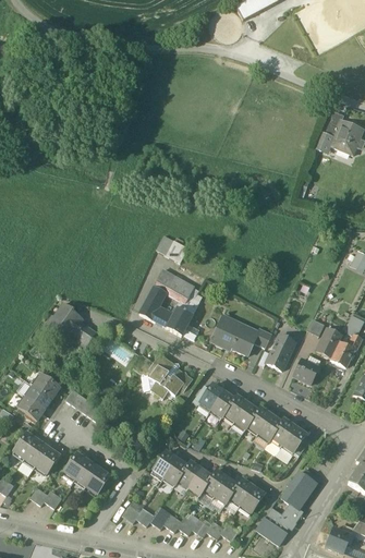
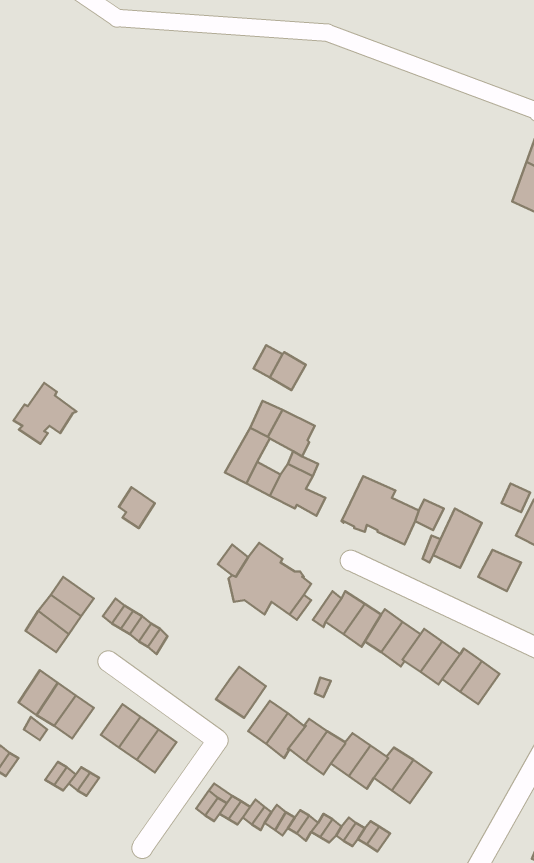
building: [47,302,85,339] -> [14,383,76,444]
building: none -> [216,667,266,718]
building: [257,469,318,544] -> none

